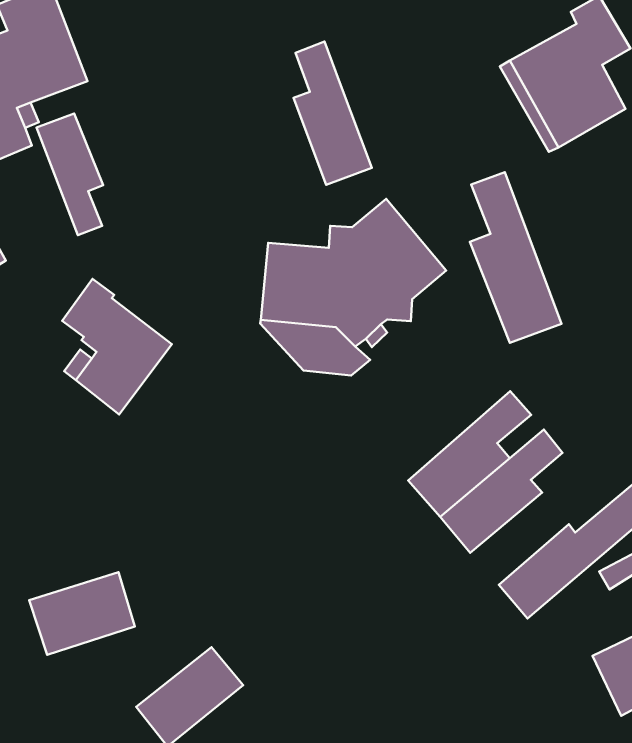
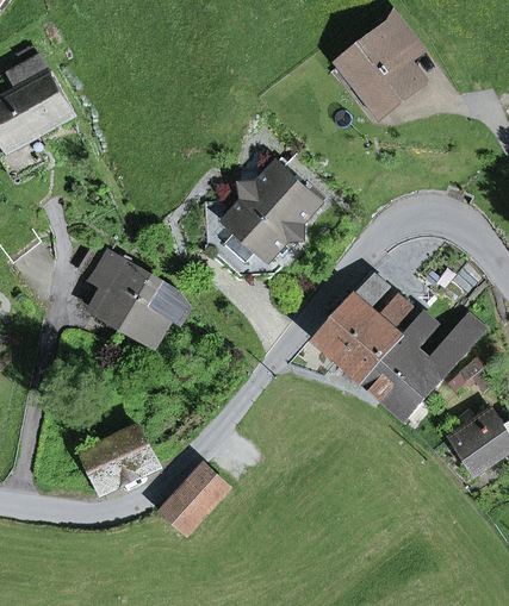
building: [293,42,372,185] -> none
building: [36,113,103,235] -> none
building: [470,172,562,343] -> none
building: none -> [124,274,191,343]
building: none -> [362,311,439,398]

